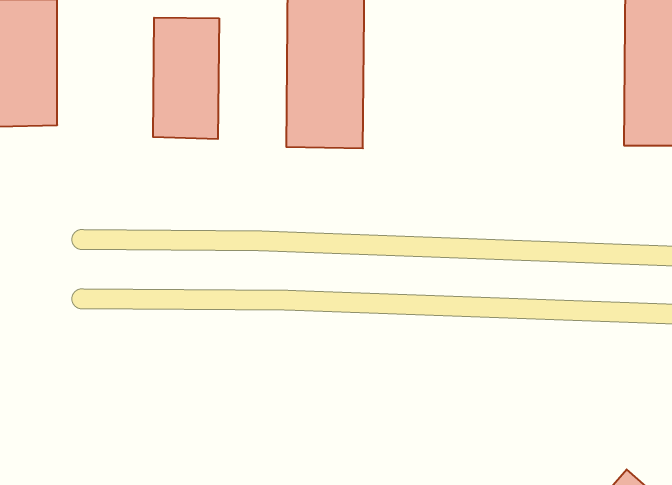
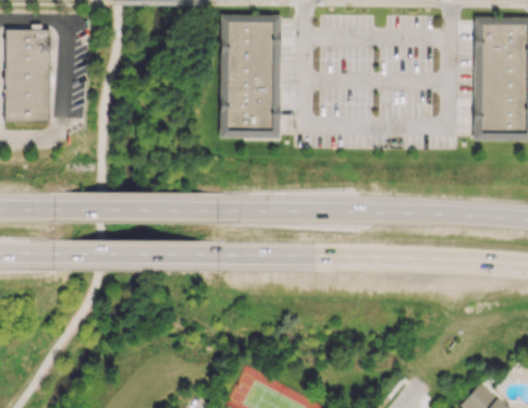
building: [153,18,219,139] -> none

